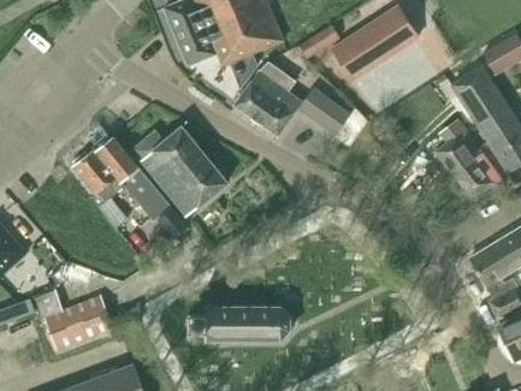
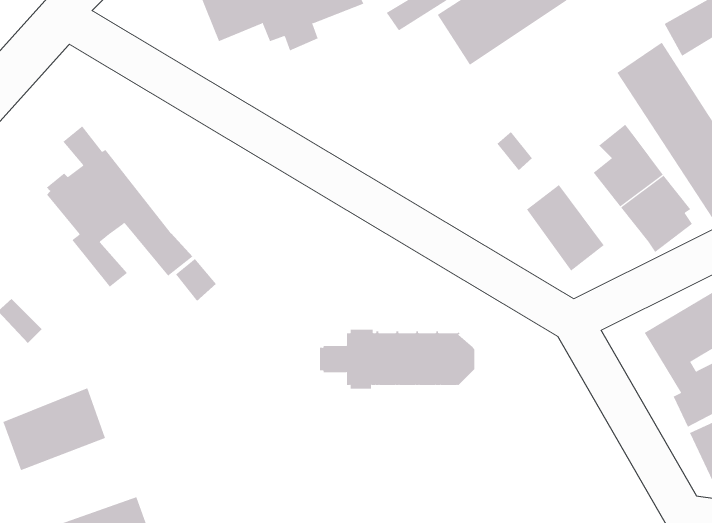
building: [235,60,351,135] -> none
building: [134,126,229,215] -> none
building: none -> [526,184,605,272]
building: [188,303,291,343] -> [319,329,475,389]

